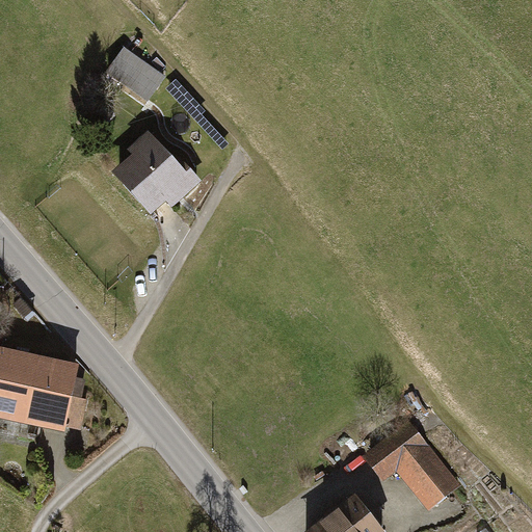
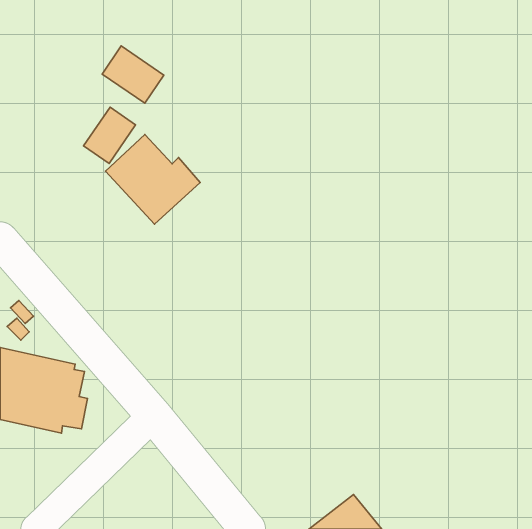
building: none -> [84,107,136,164]
building: [363,420,459,509] -> none

